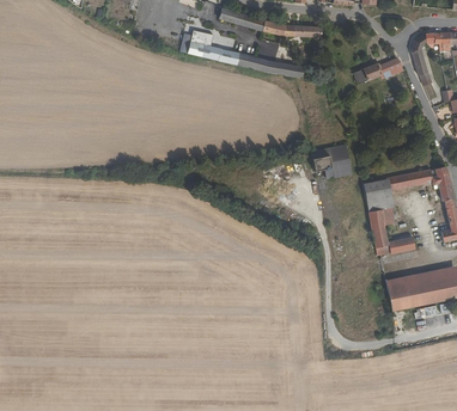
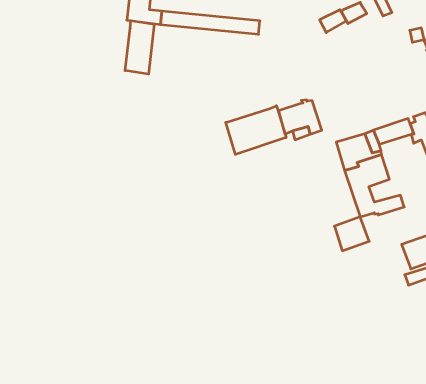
building: none -> [125,21,154,74]
building: none -> [226,106,286,154]
building: [388,281,418,309] -> [334,217,369,251]

